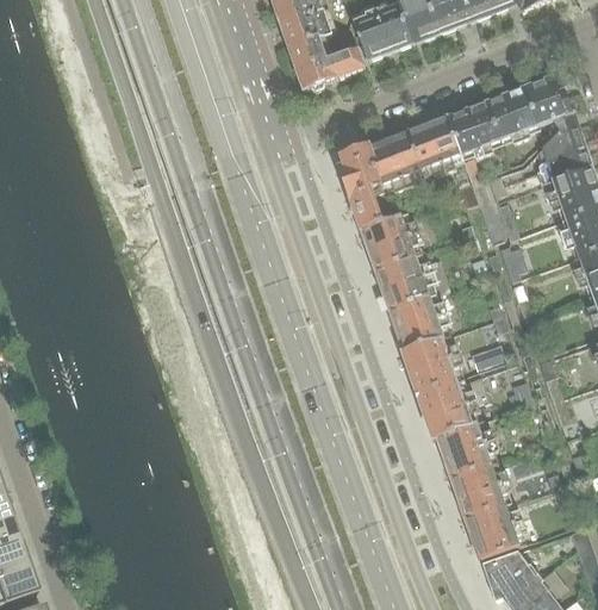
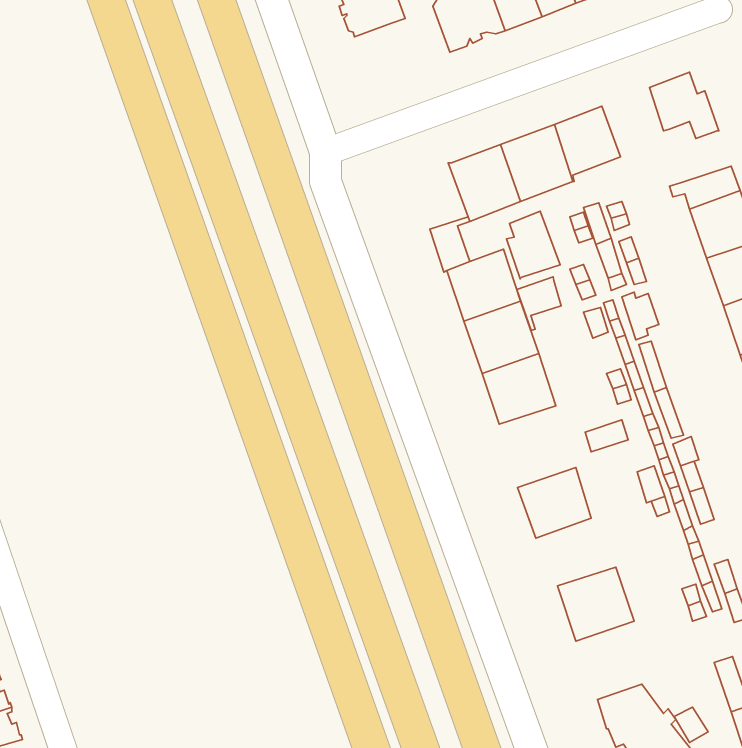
building: [289,37,363,89] -> none
building: [482,87,537,141] -> none
building: [538,125,583,161] -> none
building: [337,145,379,198] -> [506,211,560,279]
building: none -> [517,277,561,330]
building: [401,334,461,392] -> none
building: [431,421,493,473] -> none
building: [462,500,522,558] -> none

